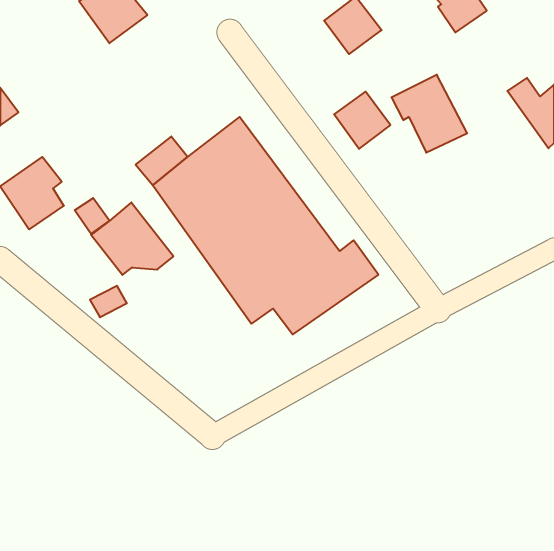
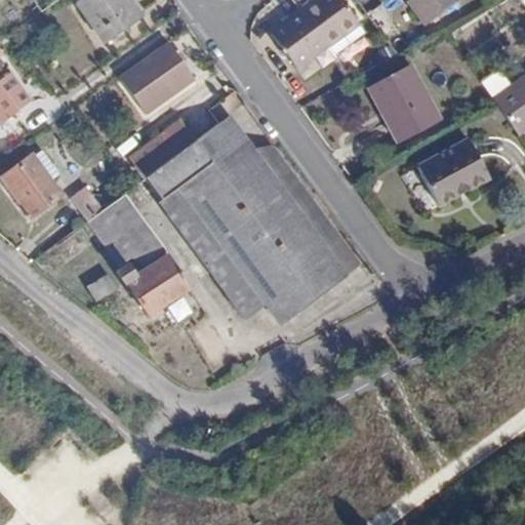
building: none -> [116,41,189,111]
building: [334,92,390,149] -> [277,19,330,74]
building: none -> [418,146,492,213]
building: none -> [113,253,187,312]

